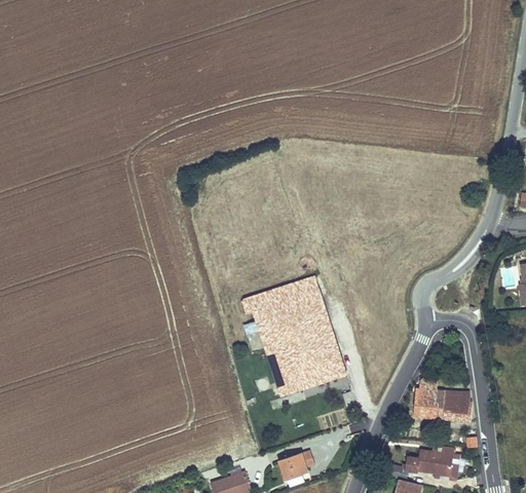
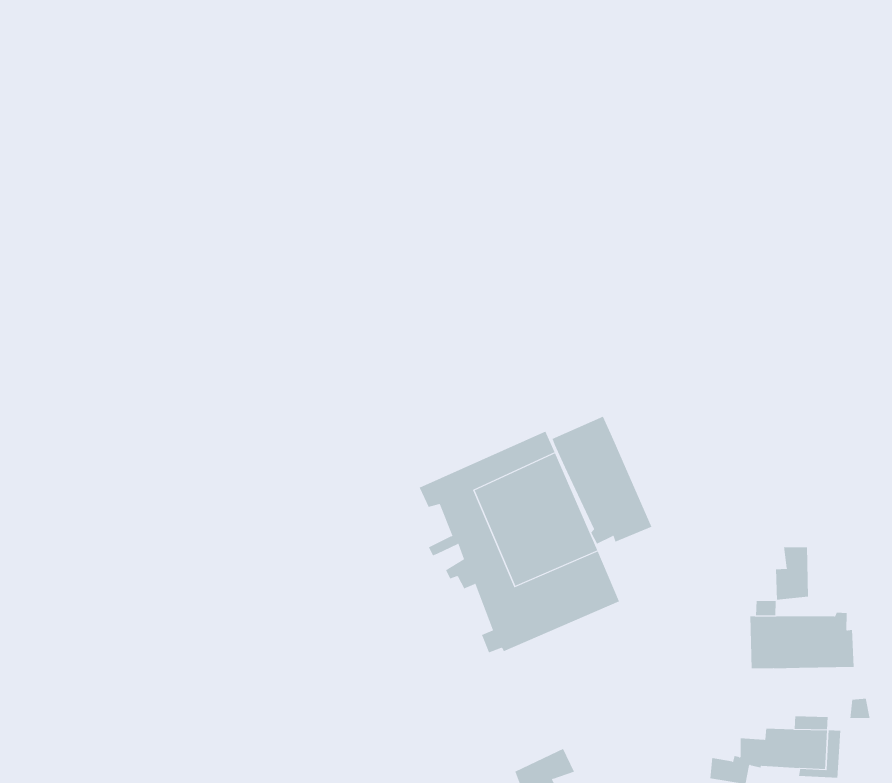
building: none -> [552,416,652,544]
building: none -> [775,546,808,601]

